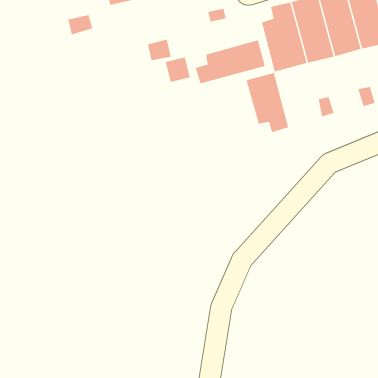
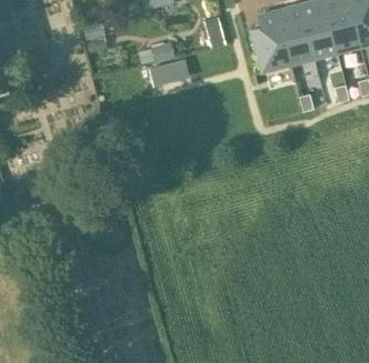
building: [195,39,266,84] -> none
building: [246,72,289,133] -> none

